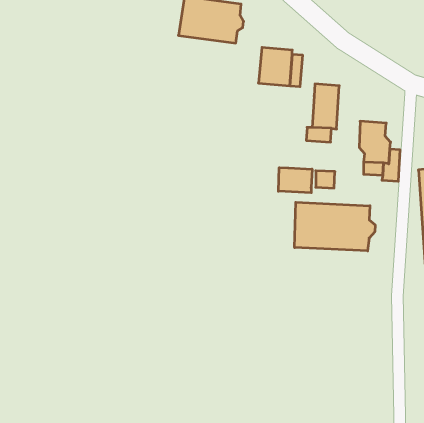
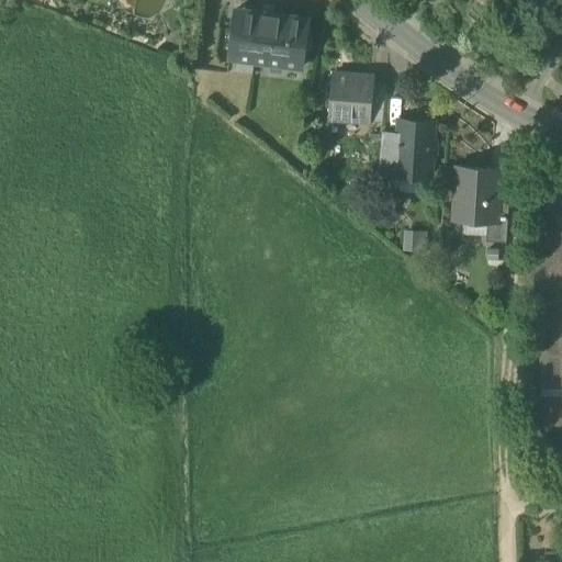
building: none -> [380,133,402,173]
building: [278,168,312,193] -> none
building: [295,202,375,251] -> none

